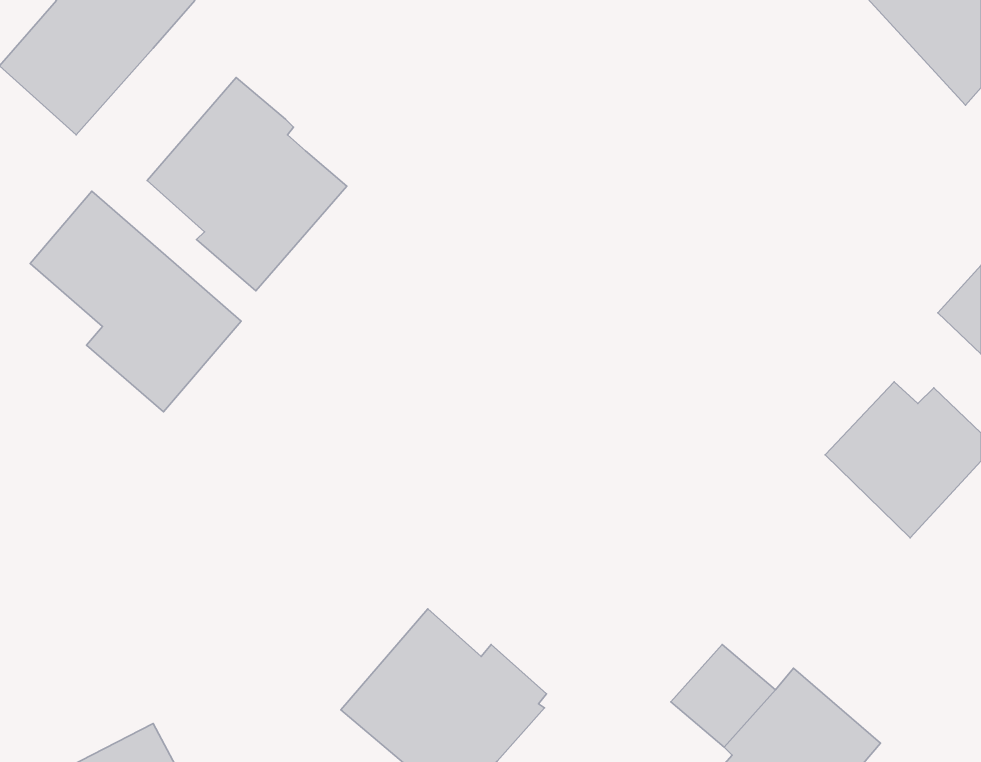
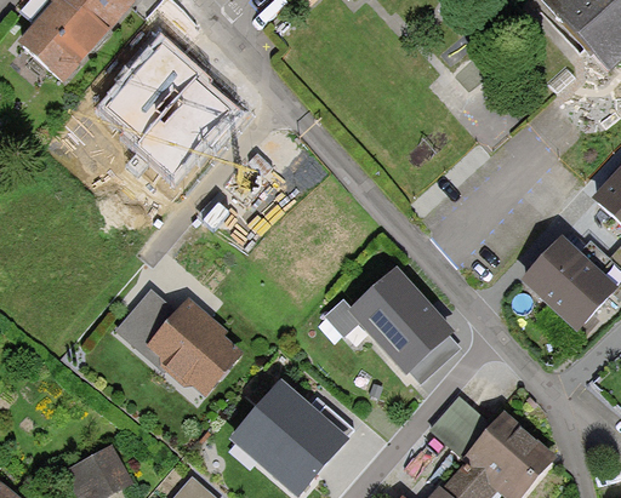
building: [30,191,241,412] -> none
building: none -> [324,267,461,383]
building: none -> [115,287,244,394]

